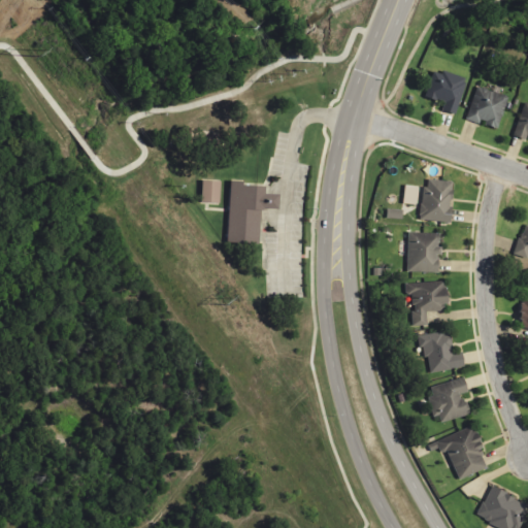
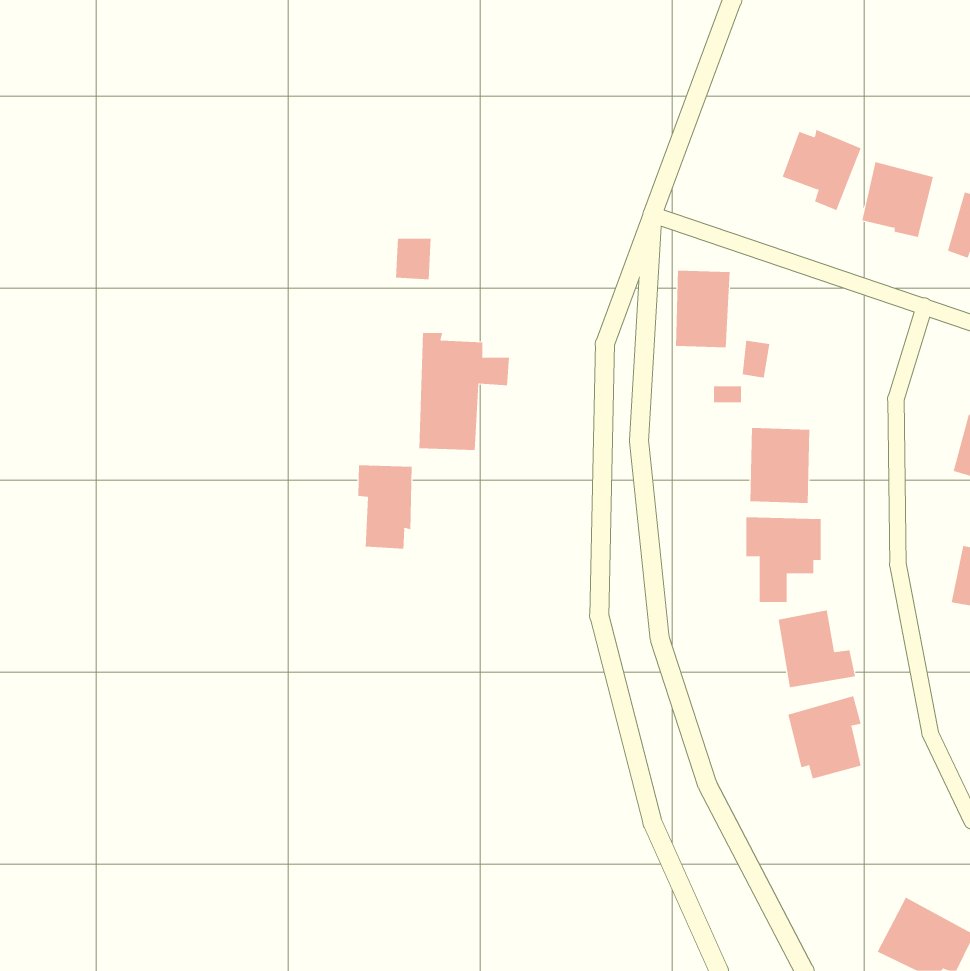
building: [423,179,453,222] -> [675,270,730,348]
building: [201,180,221,203] -> [395,238,431,280]
building: none -> [358,465,412,549]
building: [428,424,489,480] -> none

